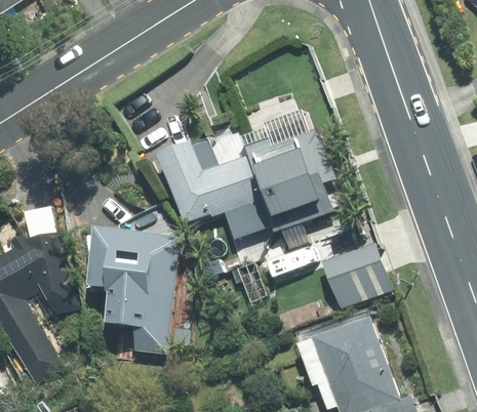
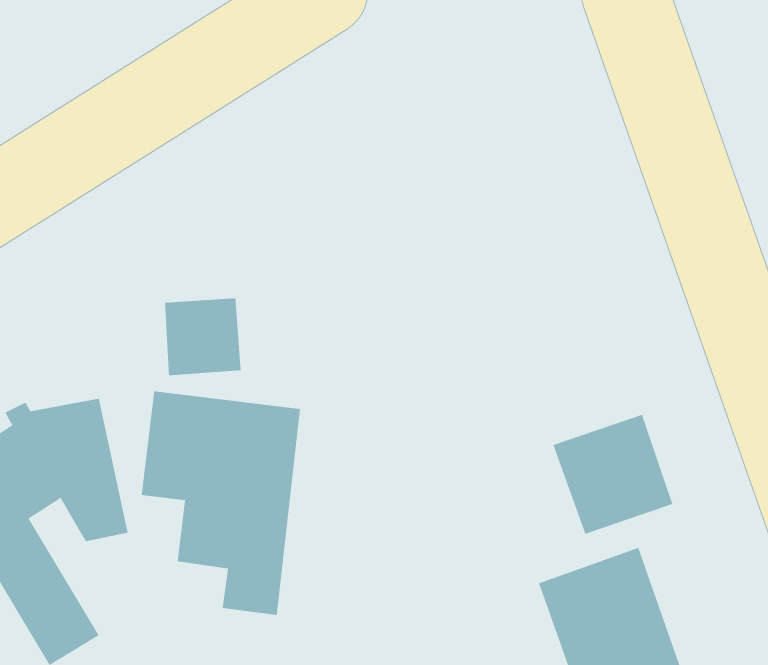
building: [158,131,331,249] -> none
building: none -> [164,297,241,376]

